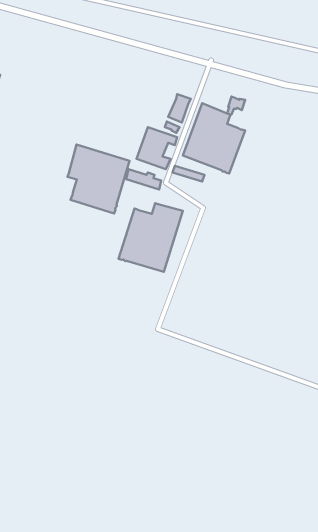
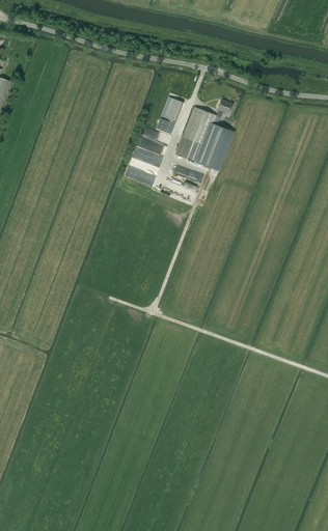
building: [67,144,130,214] -> none
building: [119,203,183,272] -> none

